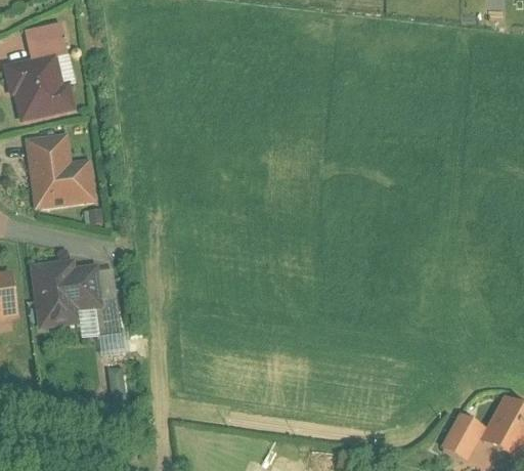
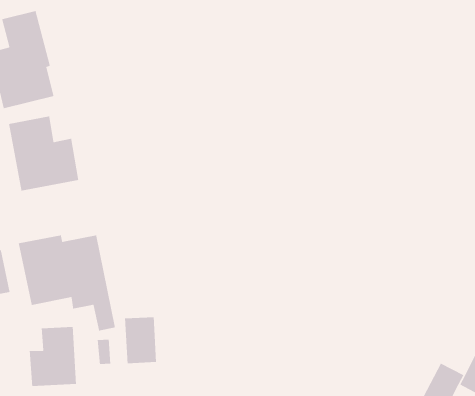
building: none -> [124,316,157,364]
building: none -> [29,326,77,387]

